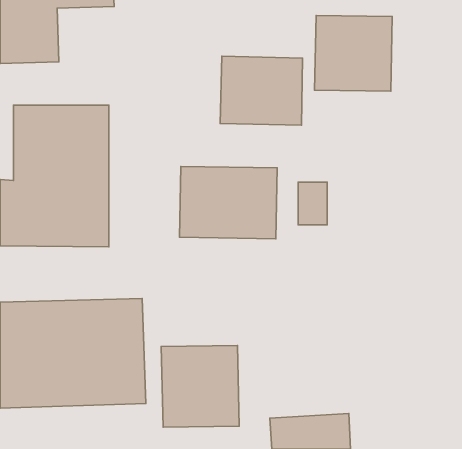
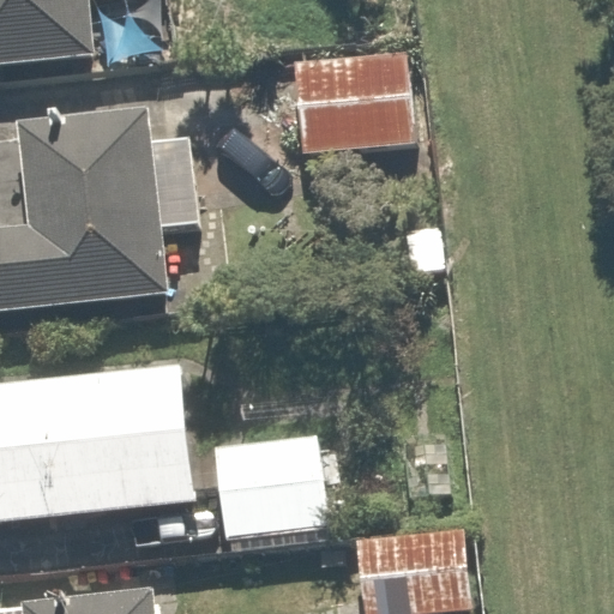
building: [314,16,392,91] -> none
building: [179,167,277,239] -> none

